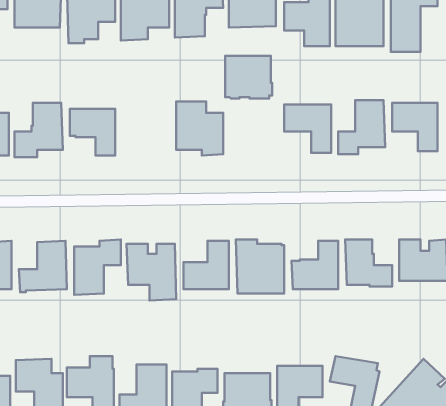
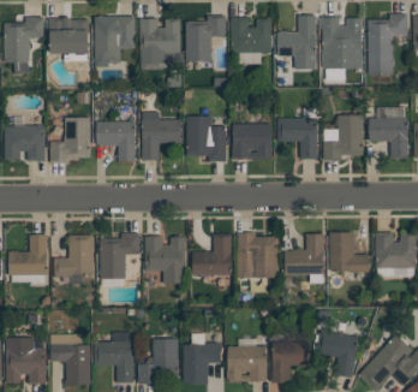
building: [225,56,272,98] -> [232,124,271,160]
building: none -> [141,120,180,161]

